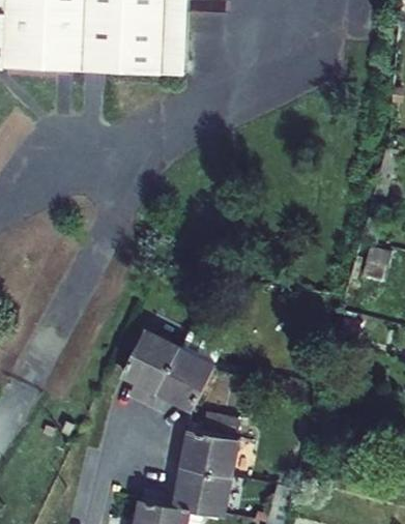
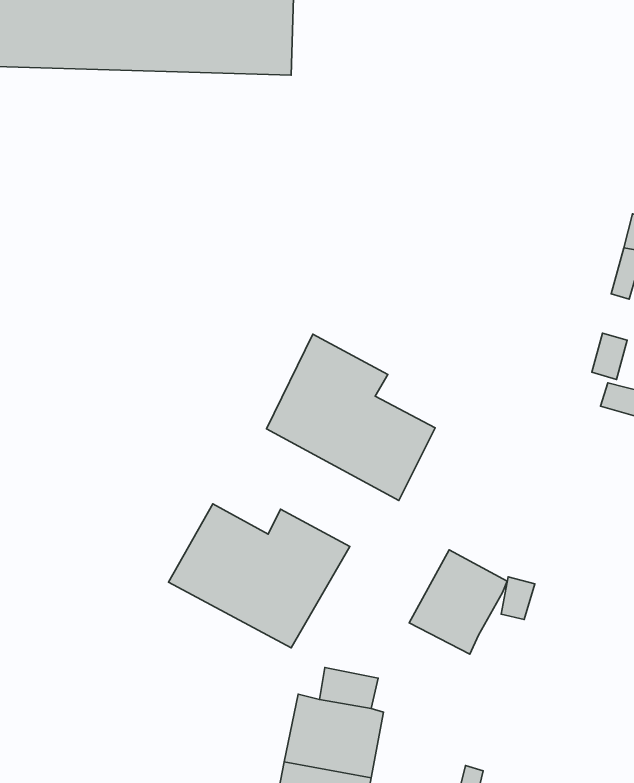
building: none -> [266,334,435,500]
building: none -> [409,550,507,654]

